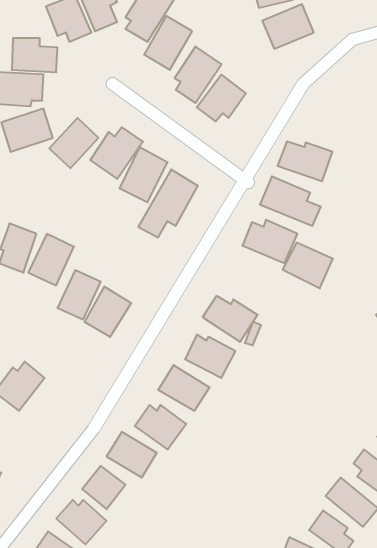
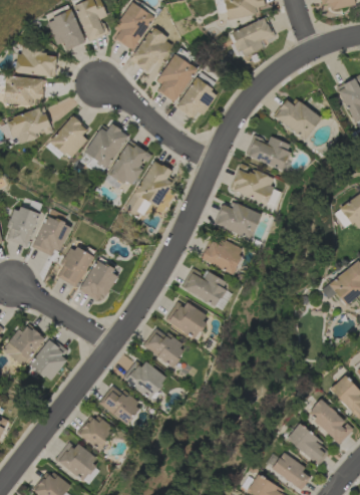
building: none -> [273,99,321,140]
building: [283,243,333,288] -> [201,236,244,275]
building: none -> [29,337,71,381]

